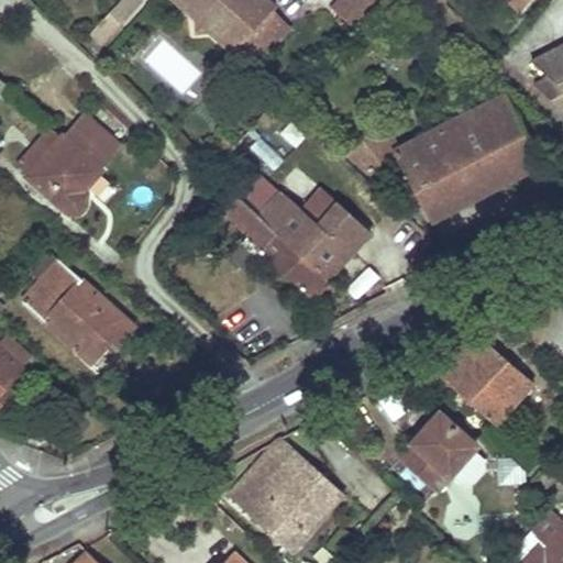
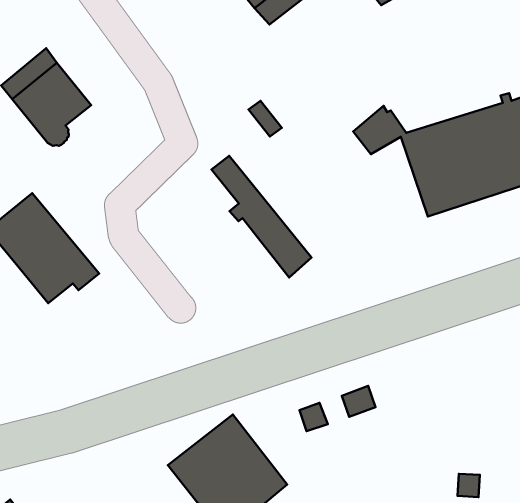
building: [63,111,122,169] -> none
building: [258,189,369,278] -> none
building: [426,333,531,422] -> none
building: [400,412,486,488] -> none

